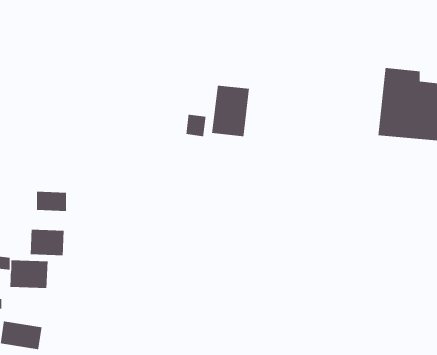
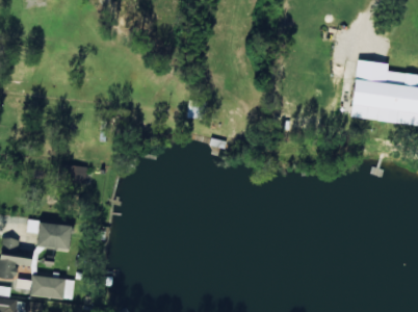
building: [211,85,250,137] -> none
building: [30,229,64,256] -> none

